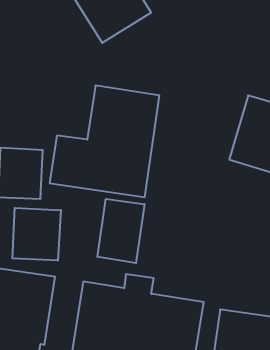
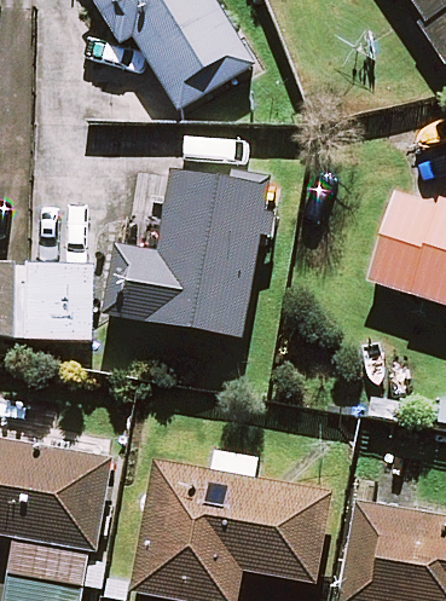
building: [97,199,145,263] -> none
building: [13,208,61,261] -> none

